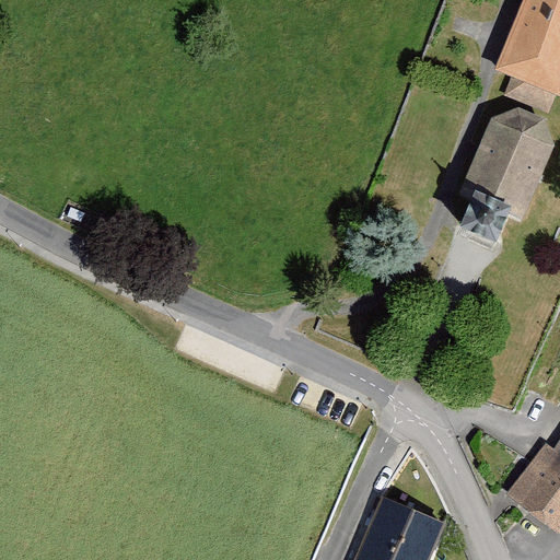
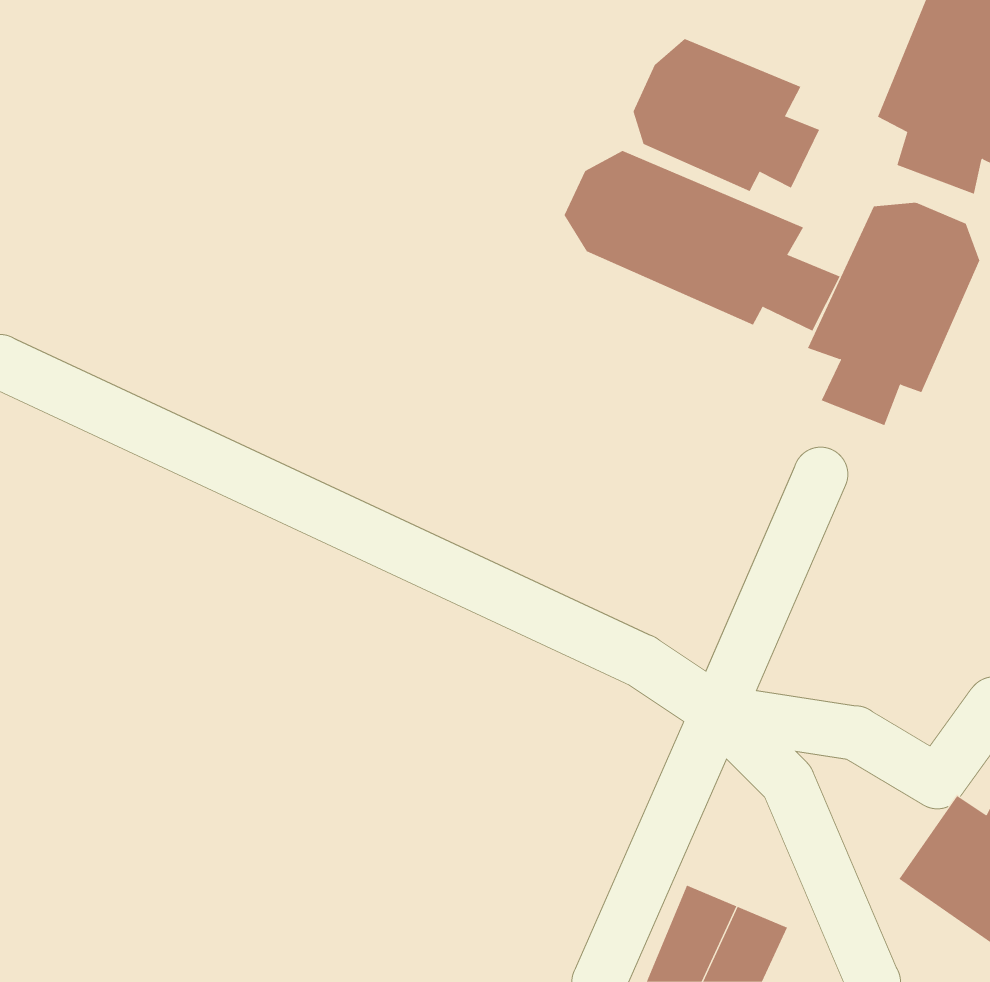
building: none -> [633,38,820,192]
building: none -> [564,150,841,331]

